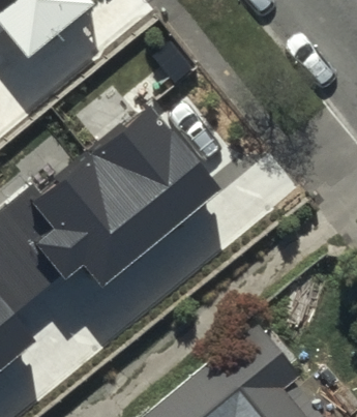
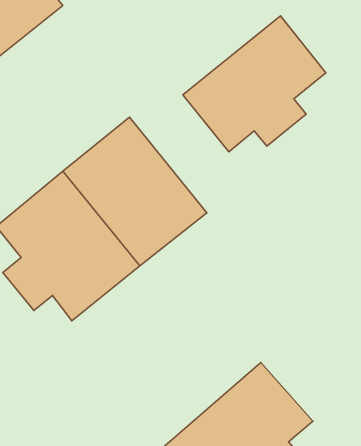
building: none -> [183,16,326,152]

